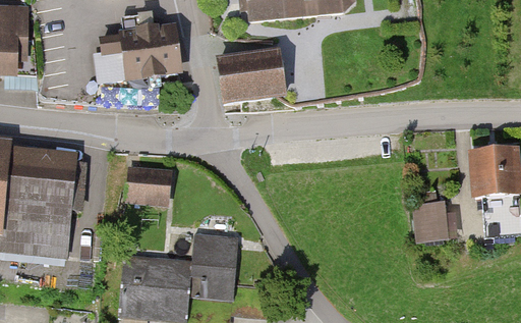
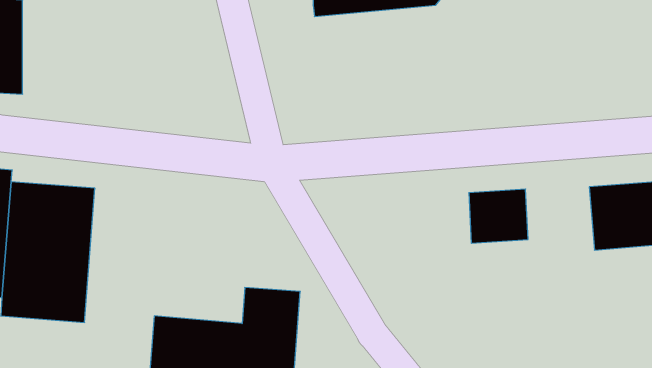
building: [96,13,179,79] -> none
building: [219,50,286,100] -> none
building: [124,166,171,213] -> none
building: [414,201,461,244] -> [469,189,528,243]

